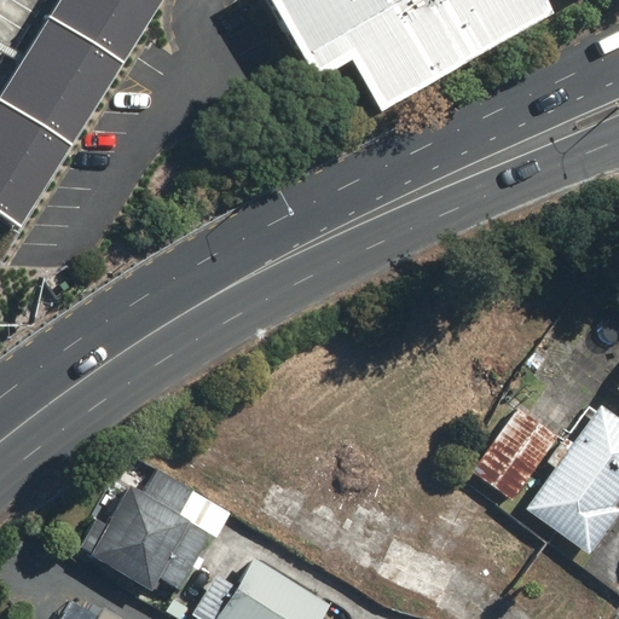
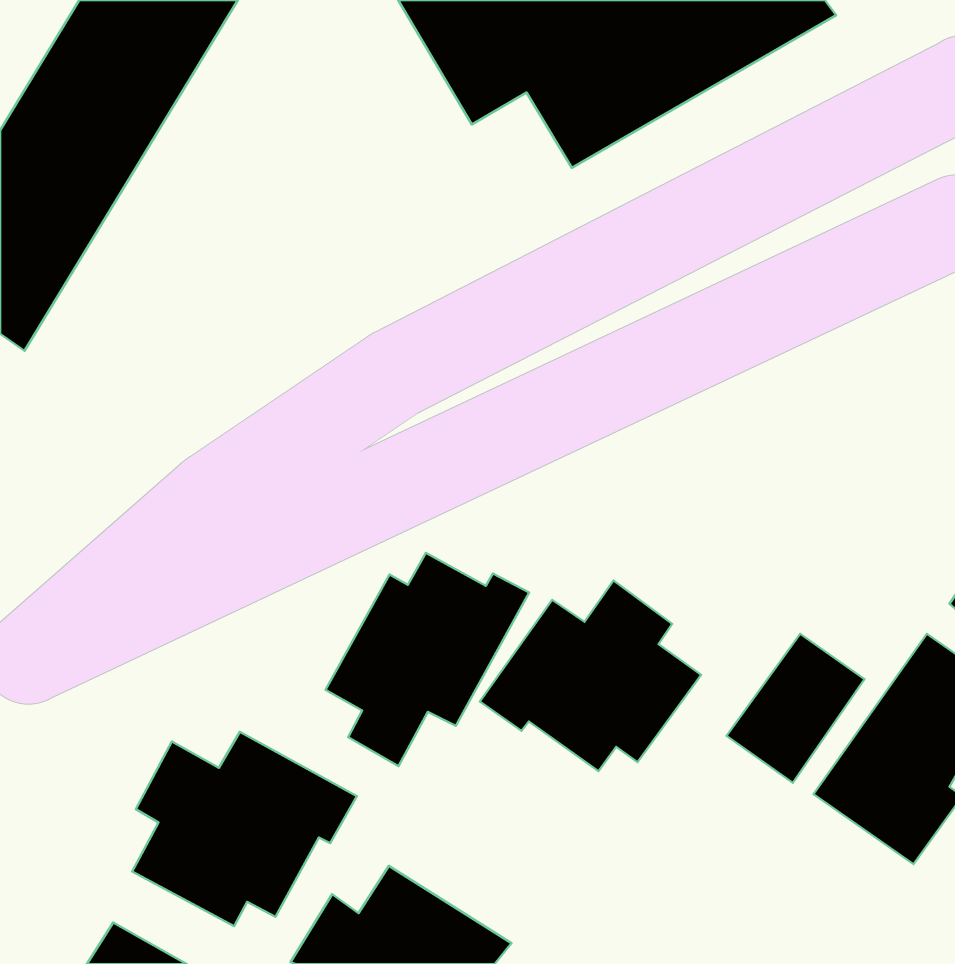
building: none -> [325,553,529,766]
building: none -> [480,581,701,771]

